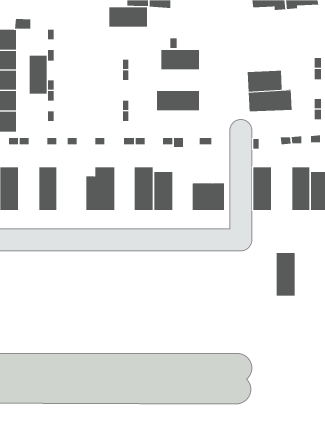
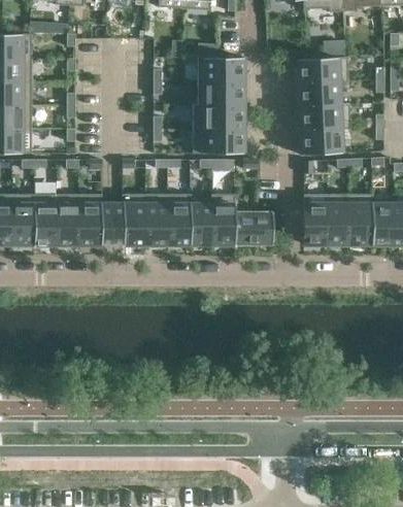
building: [104,7,148,27] -> [193,81,243,105]
building: none -> [297,57,348,83]
building: [29,55,47,95] -> none
building: none -> [300,128,350,155]
building: none -> [193,129,243,154]
building: none -> [34,194,57,244]
building: none -> [78,194,111,244]
building: none -> [145,194,167,244]
building: none -> [212,194,234,244]
building: [276,253,295,296] -> [327,194,349,244]

